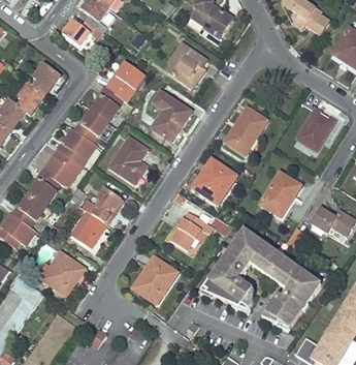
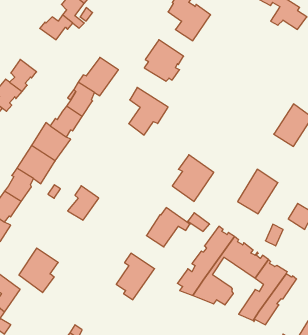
building: [224,108,267,155] -> none
building: [109,138,147,183] -> none
building: [71,211,106,247] -> none

